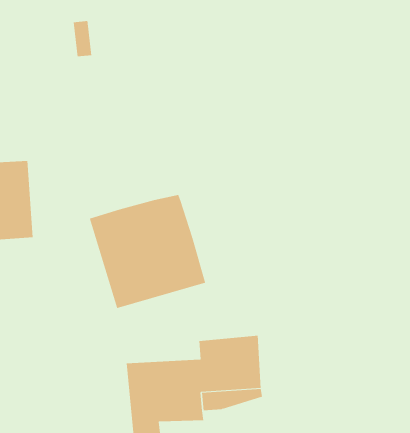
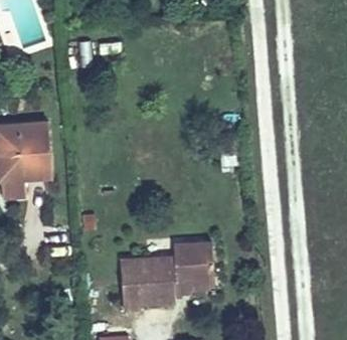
building: [89,194,206,309] -> none

